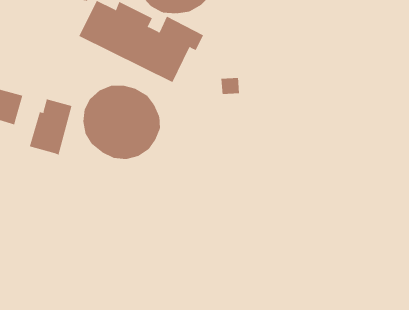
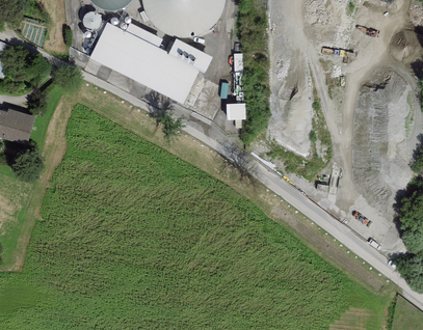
building: [83,85,160,160] -> none
building: [29,99,72,155] -> none

